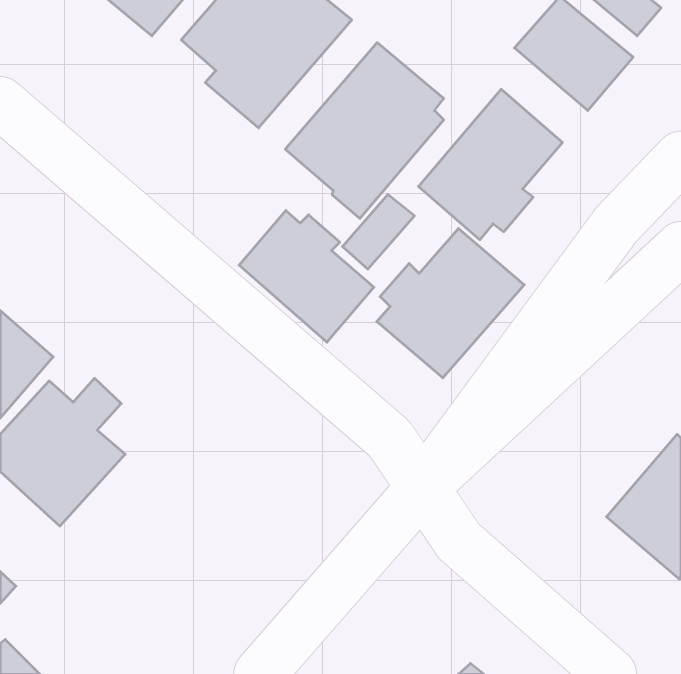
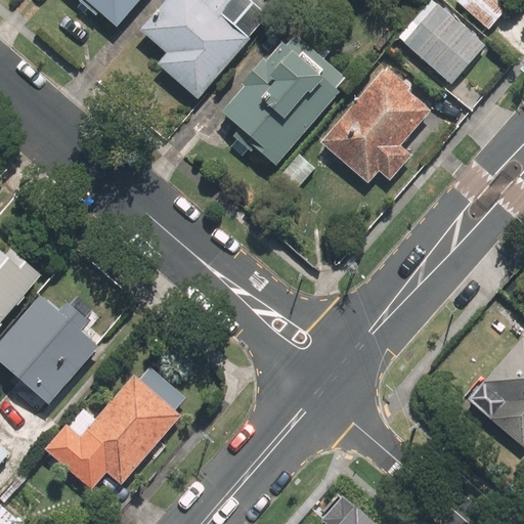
building: [239,210,374,342] -> none
building: [377,228,524,378] -> none
building: none -> [48,349,192,489]

